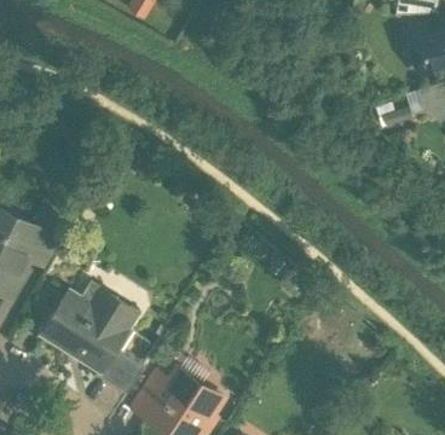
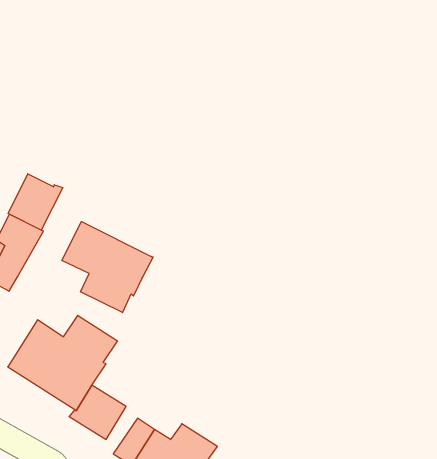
building: none -> [8,174,63,230]
building: none -> [62,222,153,313]

